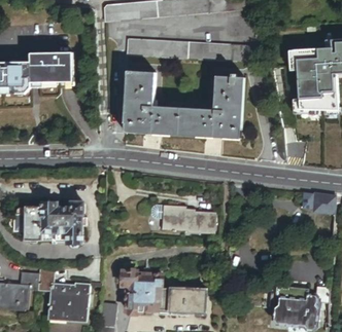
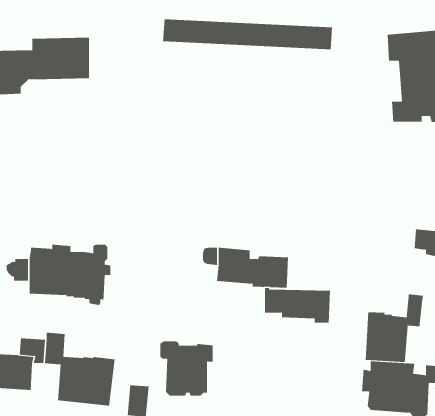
building: [123,70,243,138] -> none
building: none -> [365,293,423,363]
building: [158,287,206,312] -> [264,288,331,323]

